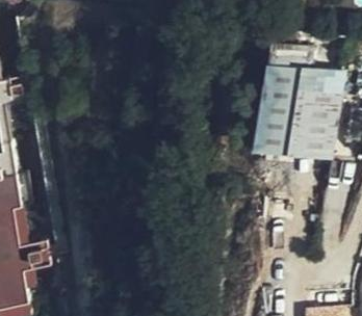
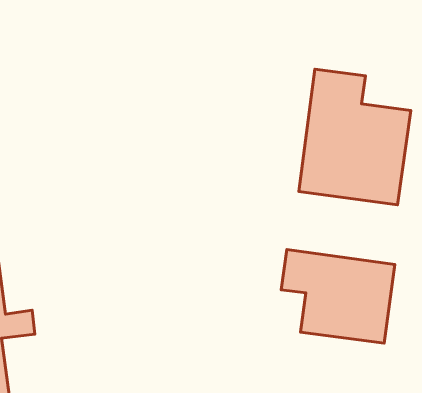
building: none -> [281,249,395,343]

